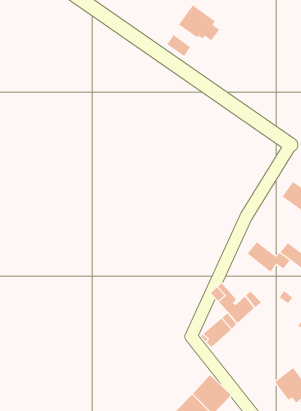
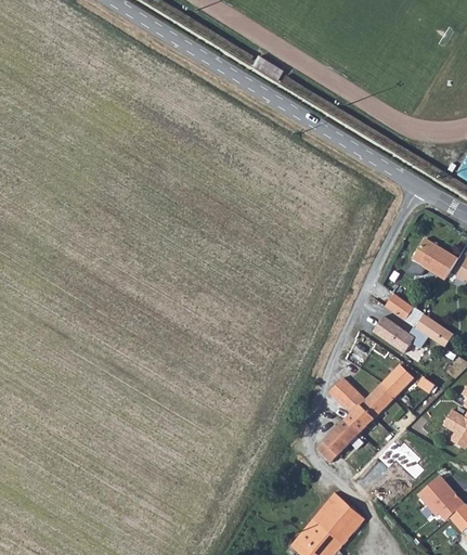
building: [178,5,220,41] -> none
building: none -> [384,293,414,320]
building: none -> [380,363,413,396]

